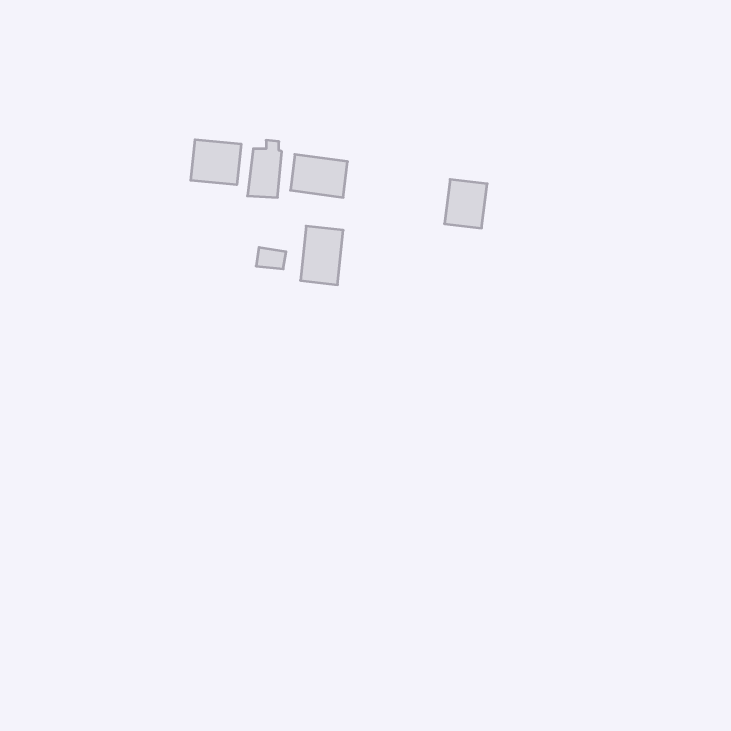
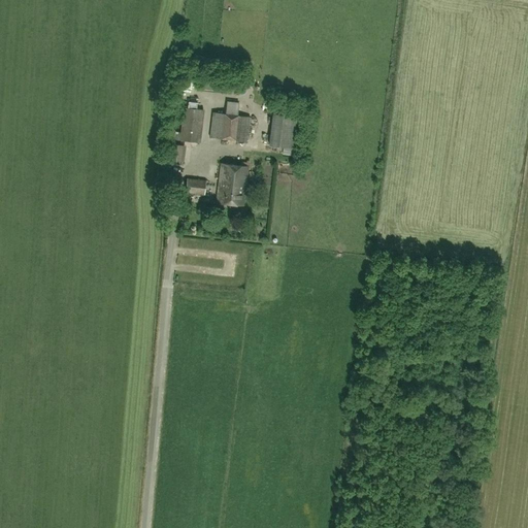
building: [191,140,241,185] -> none
building: [444,179,487,228] -> [268,113,299,148]

